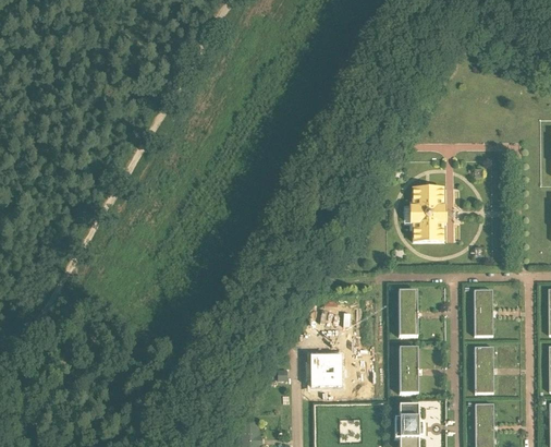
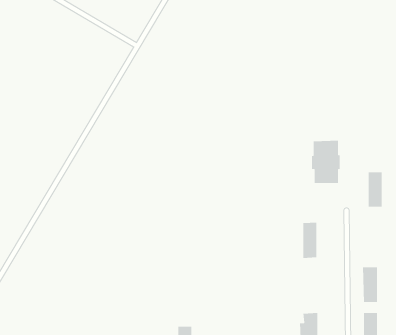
building: [474,290,492,336] -> [368,171,383,208]
building: [399,348,418,394] -> none
building: [308,354,340,387] -> none

